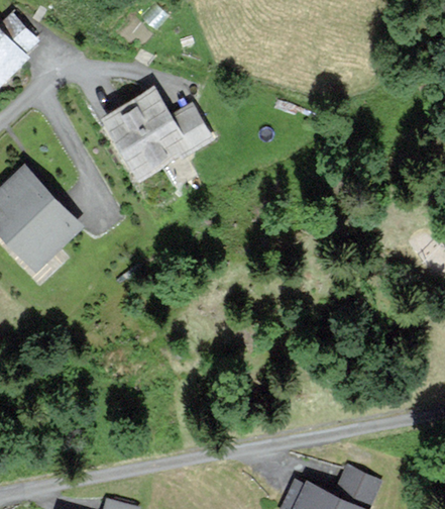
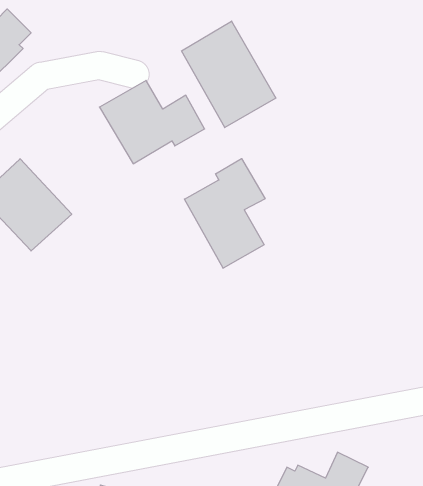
building: none -> [182,21,276,128]
building: none -> [184,159,265,268]

